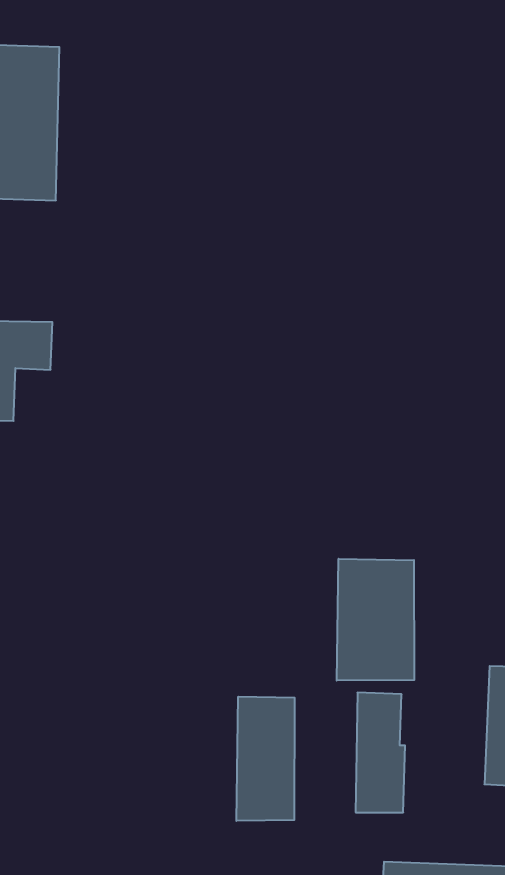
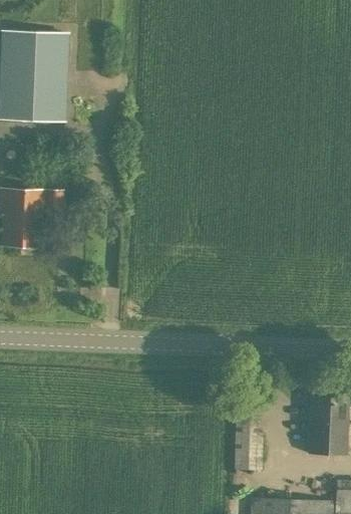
building: [337,559,414,681] -> none
building: [236,697,295,821] -> none

